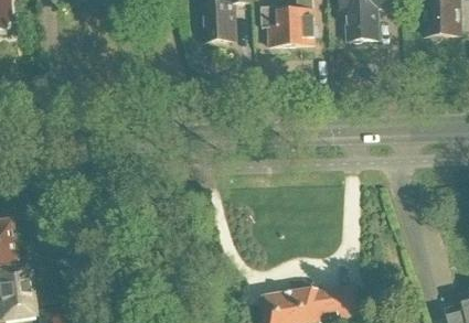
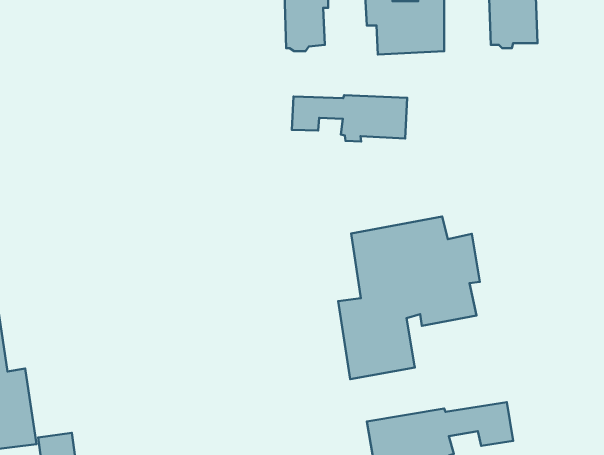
building: none -> [292,95,407,142]
building: none -> [338,217,480,379]

